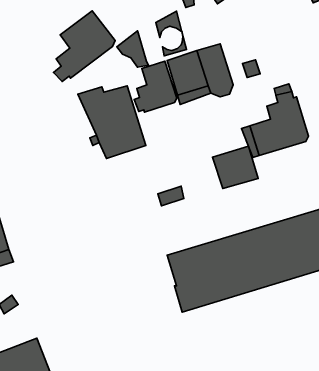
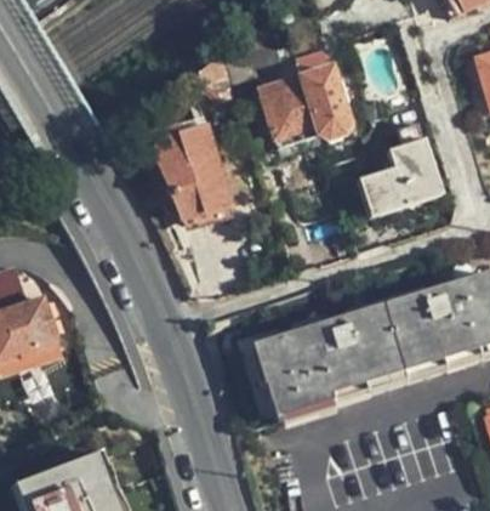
building: [54,11,115,82] -> none
building: [134,61,177,112] -> none
building: [213,146,258,189] -> none

